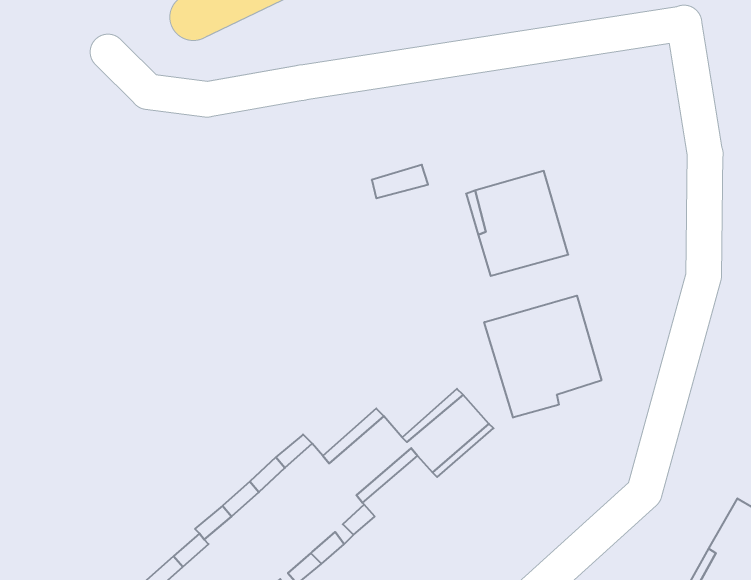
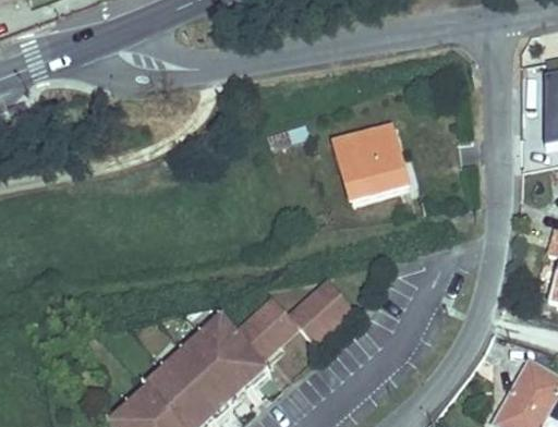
building: [484,296,601,418] -> none

